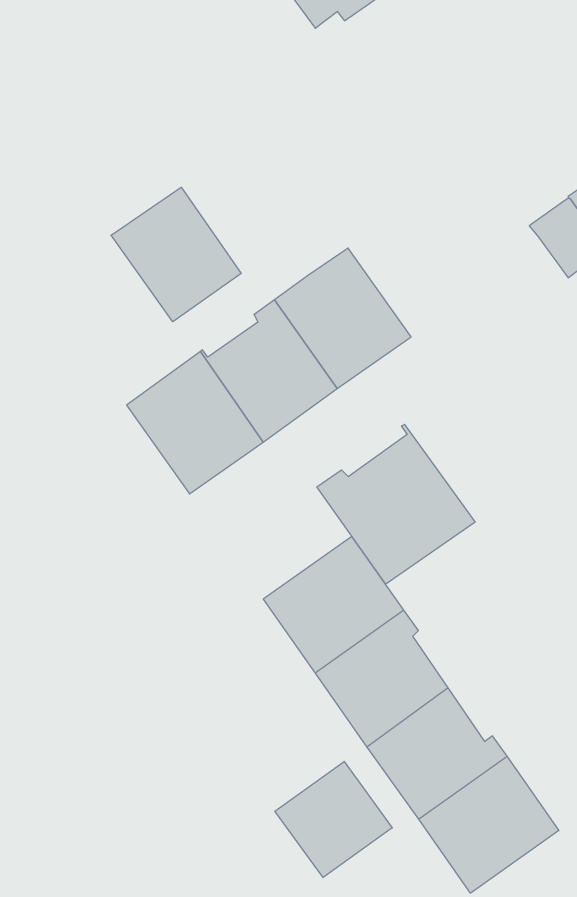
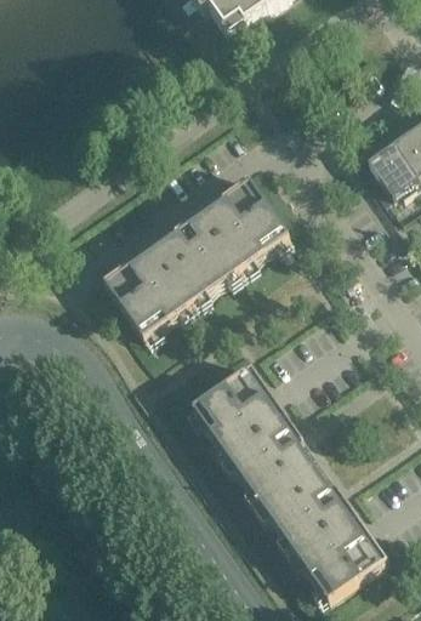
building: [111,187,241,322] -> none
building: [317,424,475,584] -> none
building: [275,761,392,878] -> none

